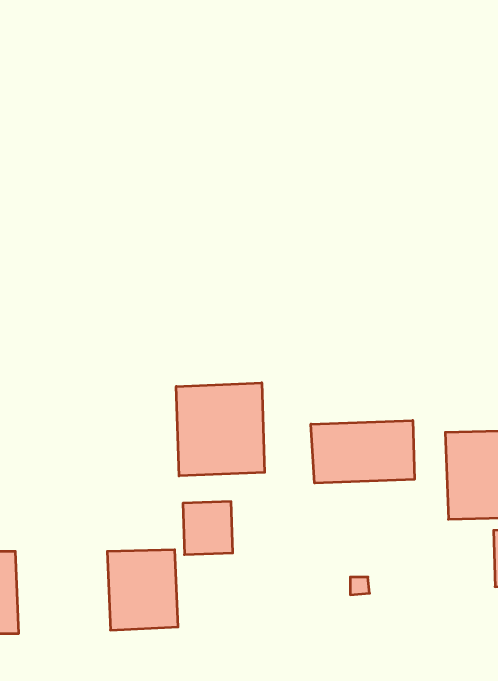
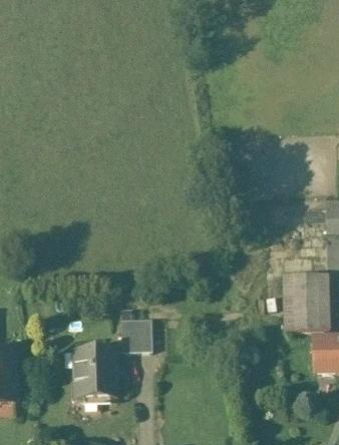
building: [176,383,265,476] -> none
building: [311,420,414,483] -> none

